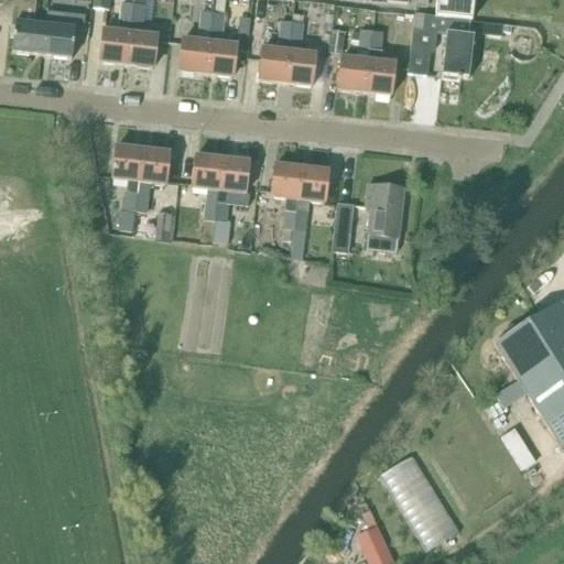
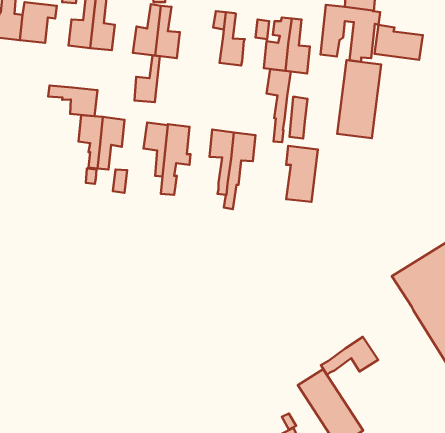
building: none -> [375,25,423,60]
building: [258,45,289,80] -> none
building: none -> [135,55,160,102]
building: none -> [337,60,381,138]
building: none -> [266,69,291,142]
building: none -> [48,86,97,116]
building: [332,202,354,252] -> [290,97,308,139]
building: none -> [321,337,378,375]

